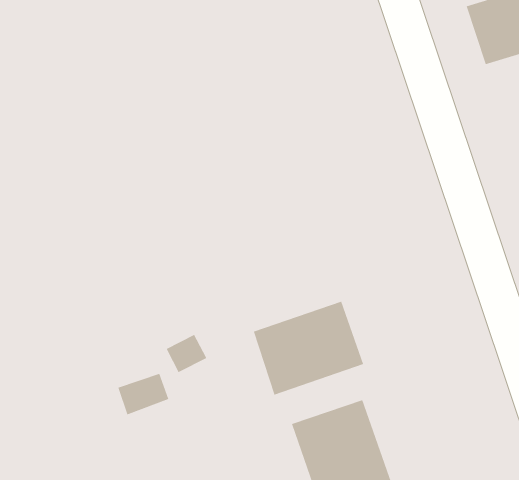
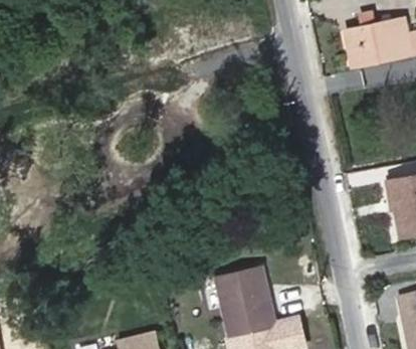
building: [253,301,364,395] -> none

